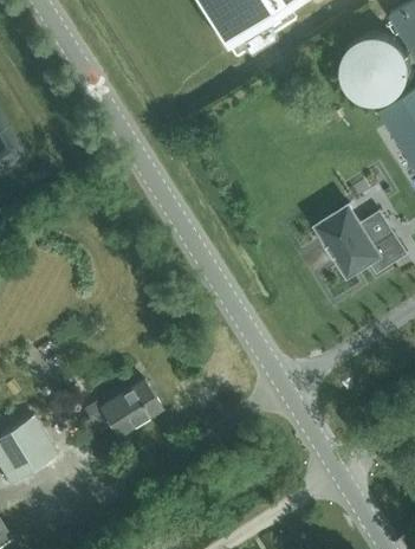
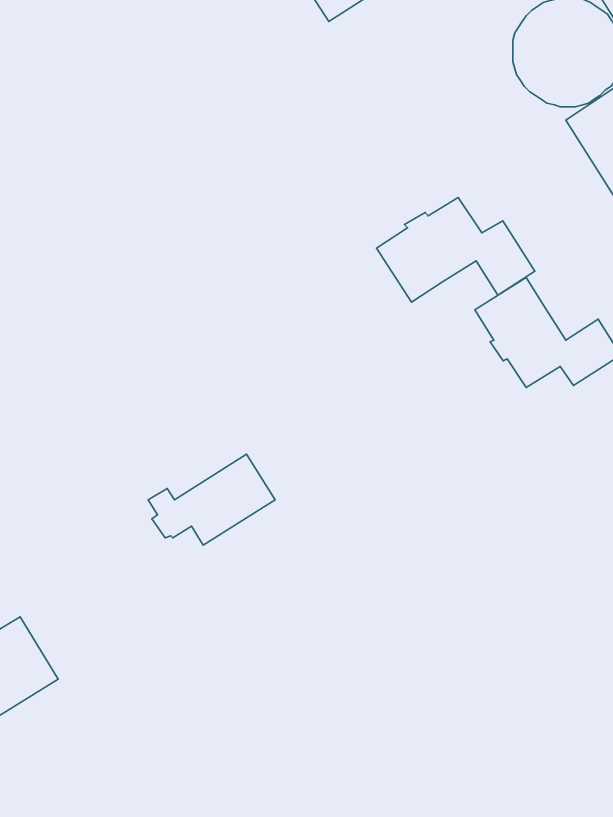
building: none -> [376,197,535,302]
building: [83,380,162,437] -> [148,454,275,545]

